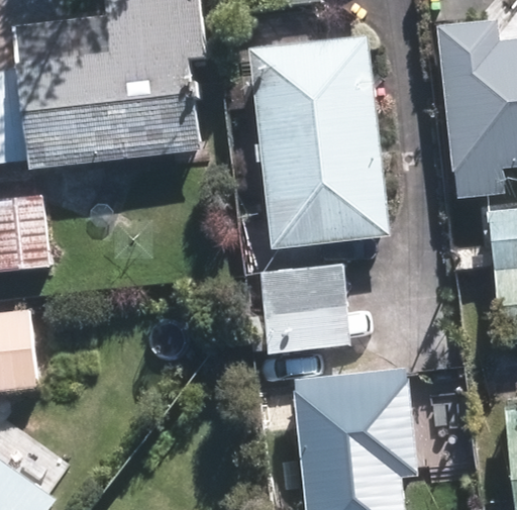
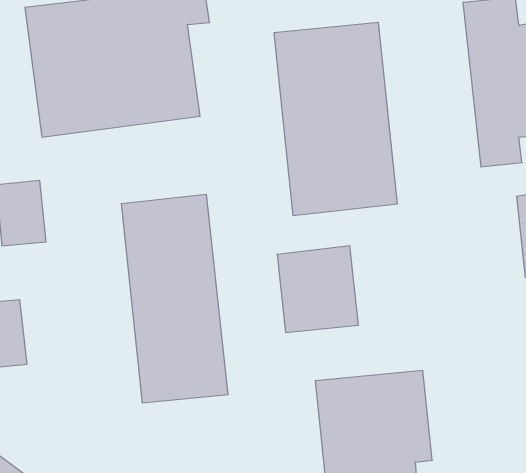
building: none -> [121,194,228,403]

